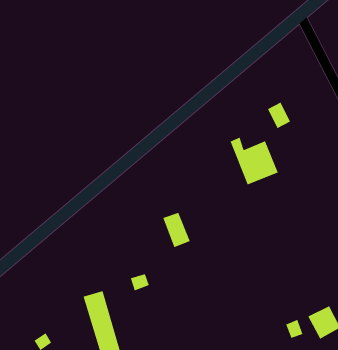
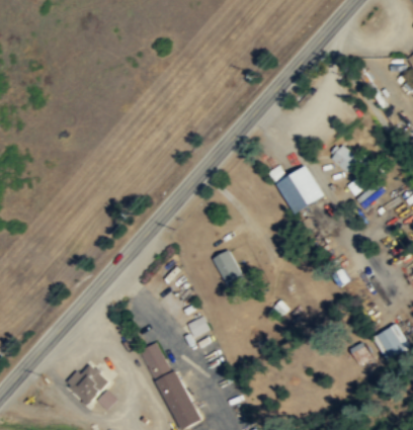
building: [267,102,291,129] -> [330,144,356,172]
building: none -> [66,362,109,406]

